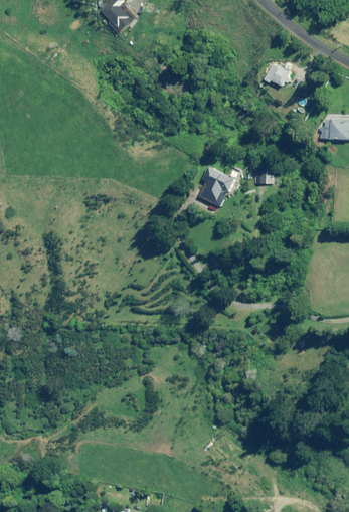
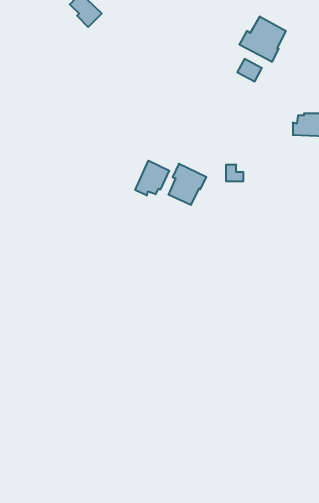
building: none -> [239,16,286,62]
building: none -> [135,161,169,196]

